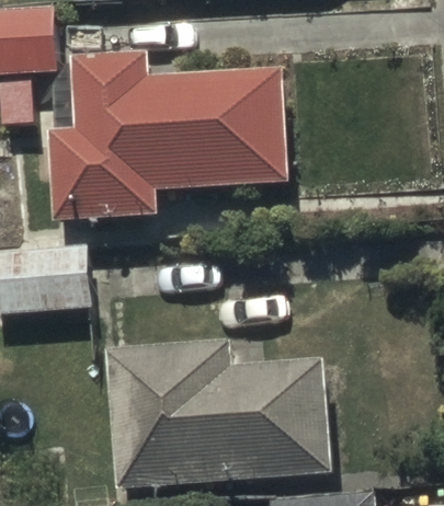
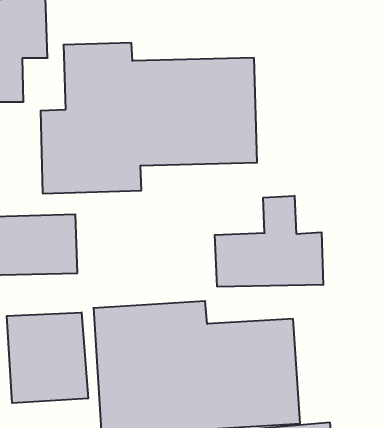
building: none -> [215,196,323,287]
building: none -> [7,312,88,403]

